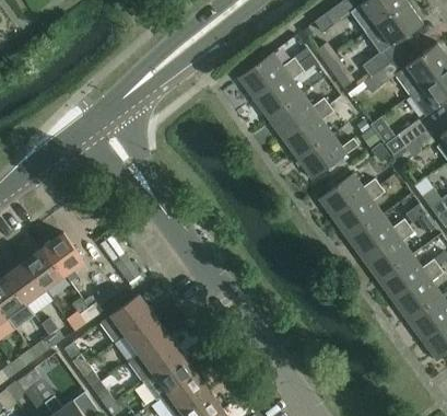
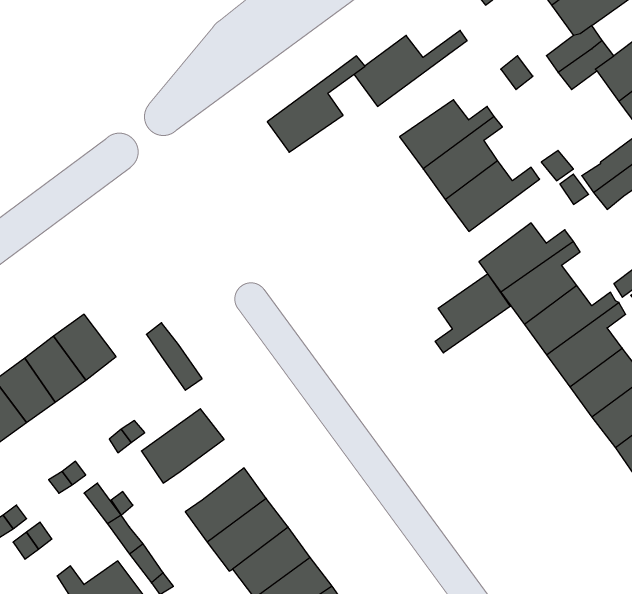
building: [254,56,317,118] -> [267,56,365,152]
building: none -> [435,274,510,353]
building: [126,314,167,354] -> none

